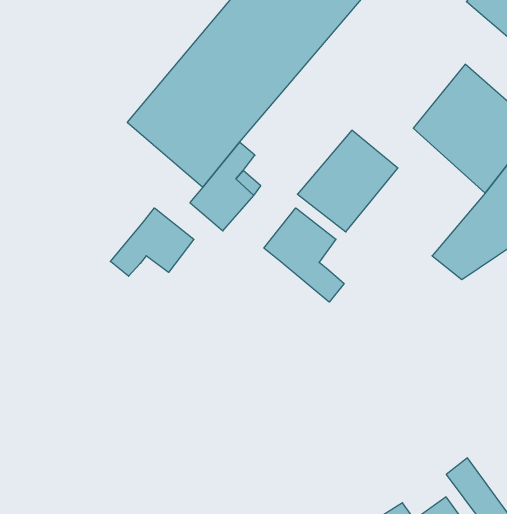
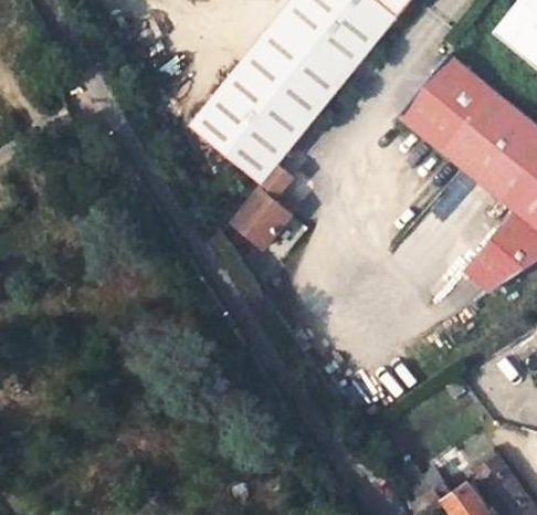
building: [297,130,398,232] -> [397,52,491,147]
building: [264,208,344,302] -> none
building: [110,208,194,276] -> none

